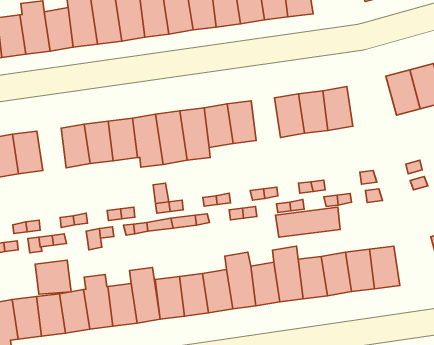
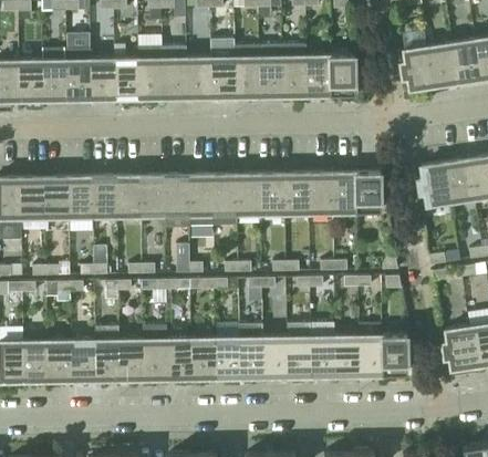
building: none -> [284,174,309,214]
building: none -> [69,177,93,217]
building: [275,207,340,237] -> none
building: [35,260,71,294] -> none

